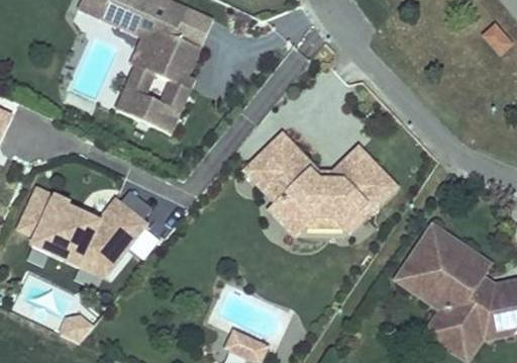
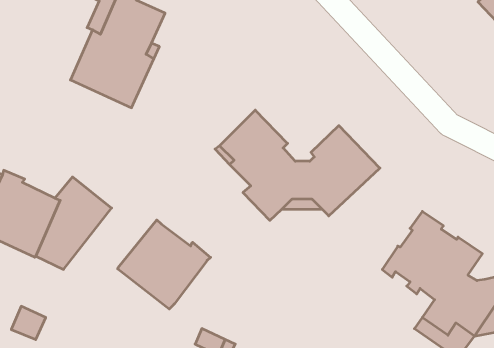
building: none -> [118,220,211,309]

